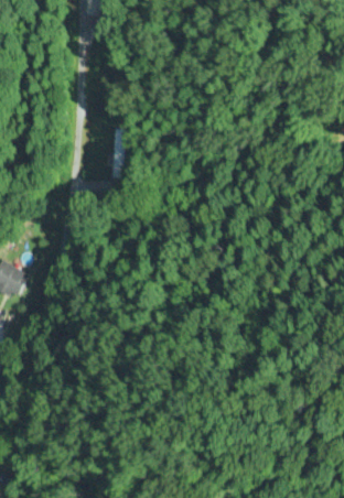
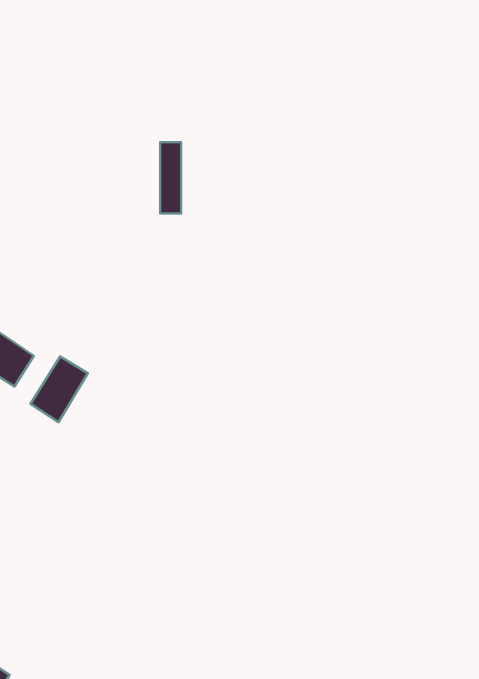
building: none -> [31,356,88,422]

